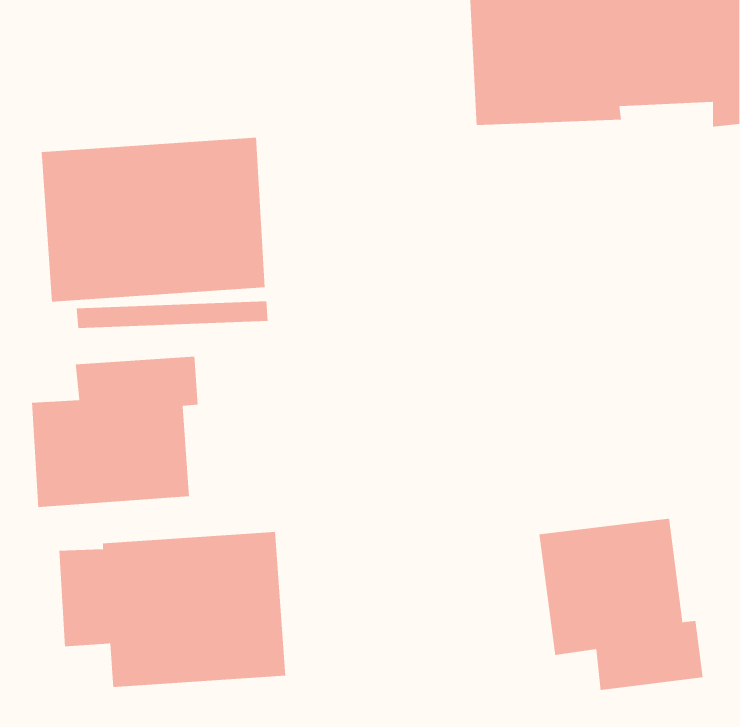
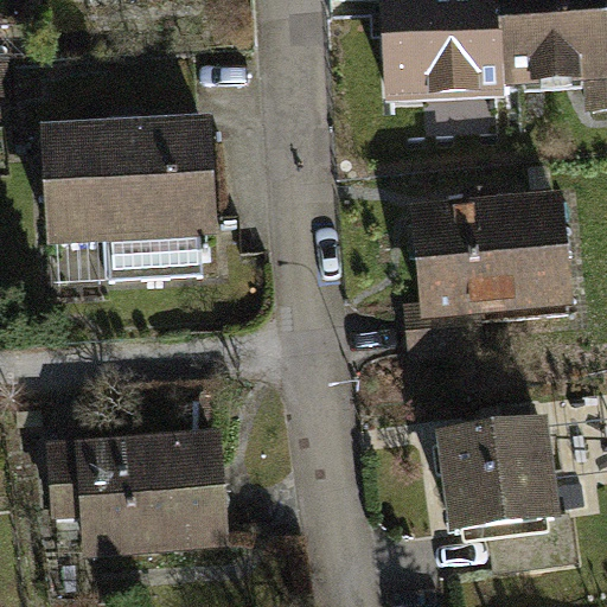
building: none -> [405,187,573,350]
building: [31,356,198,508] -> none

